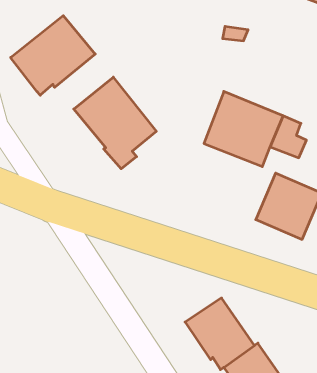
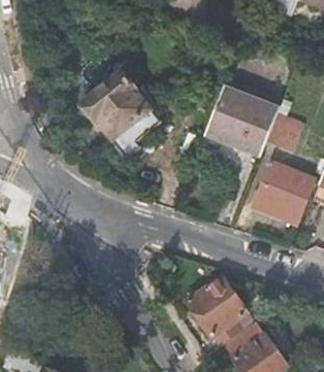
building: [11,16,95,95] -> none

